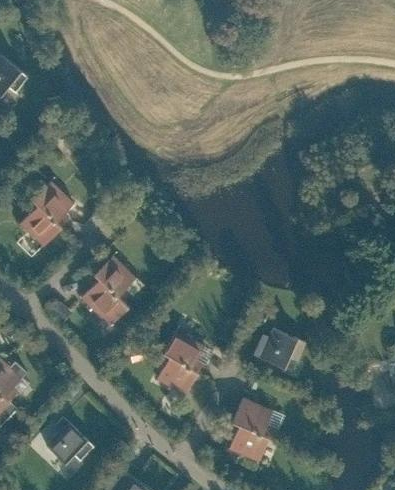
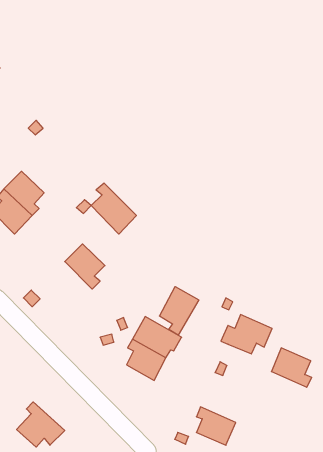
building: [82,275,128,327] -> [91,183,136,234]
building: none -> [159,287,199,335]
building: [233,399,274,439] -> [271,348,312,387]

